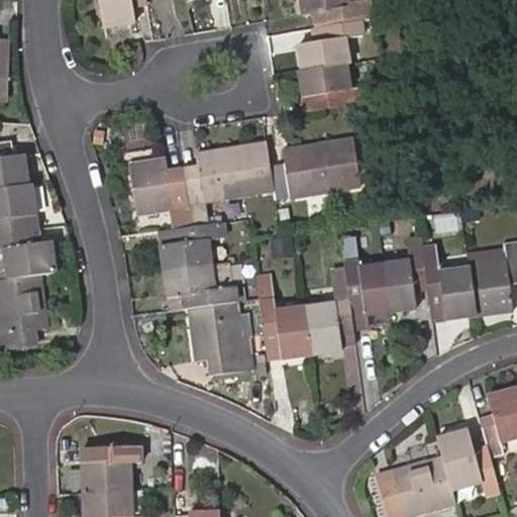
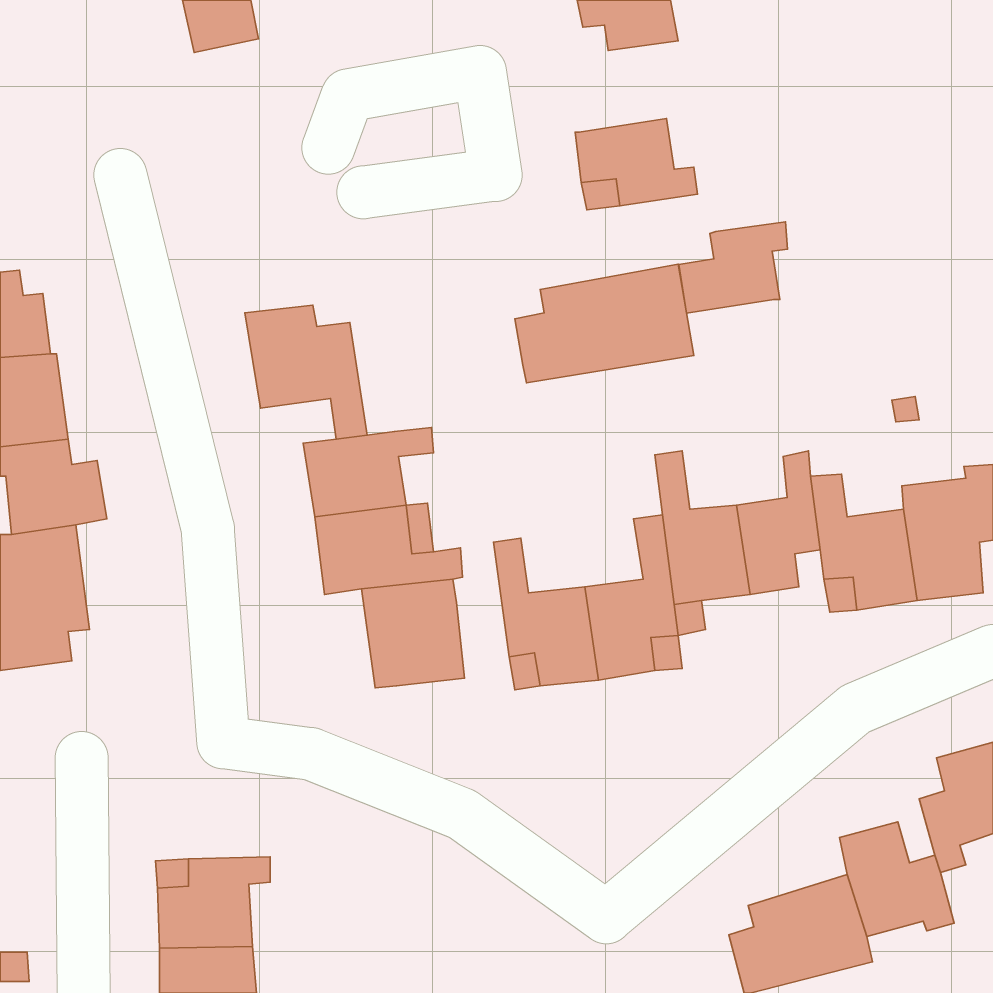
building: [297,21,353,69] -> [679,222,788,313]
building: [181,142,272,226] -> none
building: [206,312,253,374] -> none

